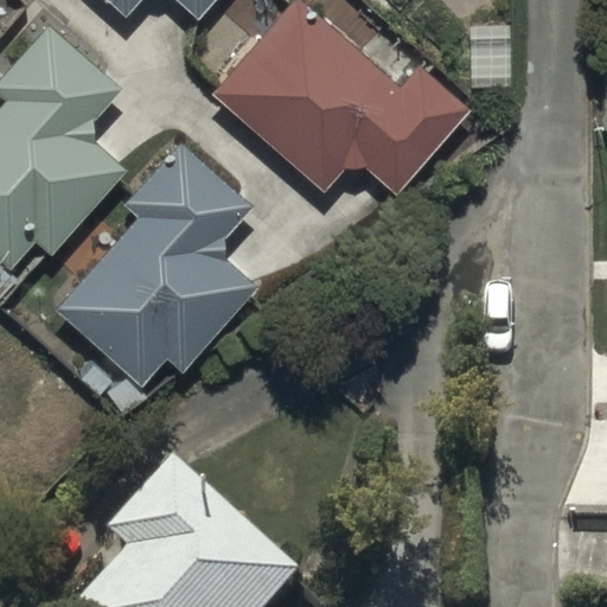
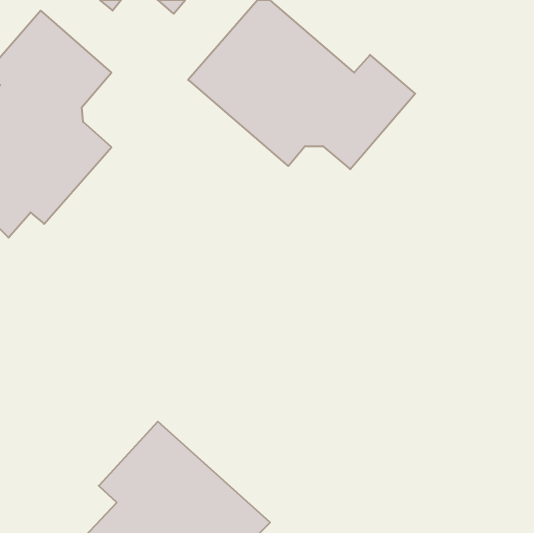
building: [56,141,256,384] -> none

